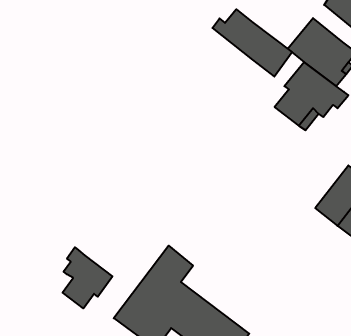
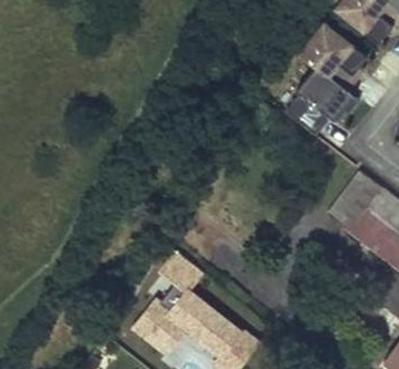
building: [212,9,292,77] -> none
building: [63,247,112,308] -> none

